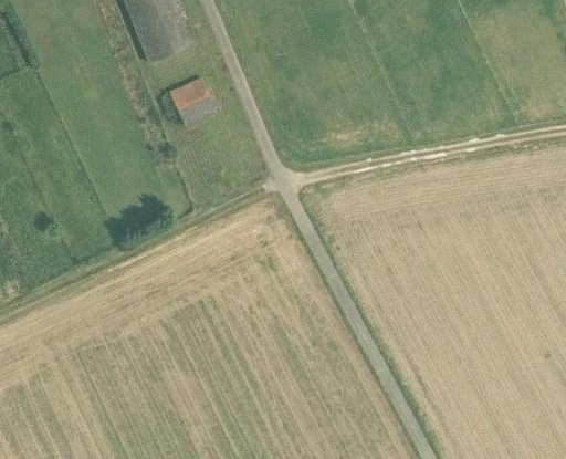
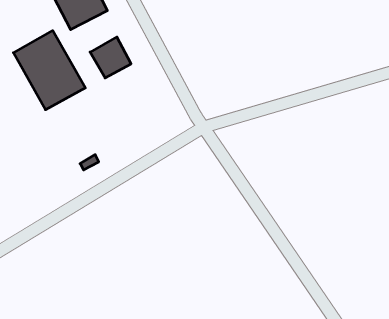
building: none -> [13,31,85,110]

